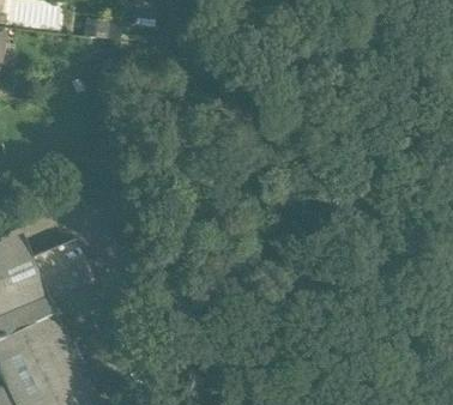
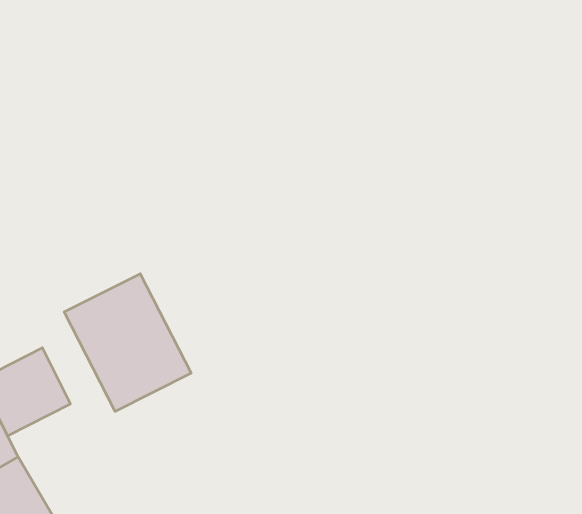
building: none -> [64,274,191,411]

